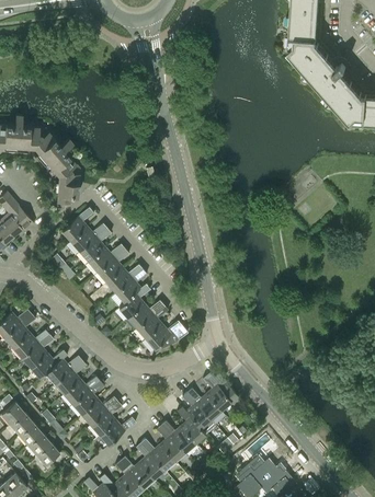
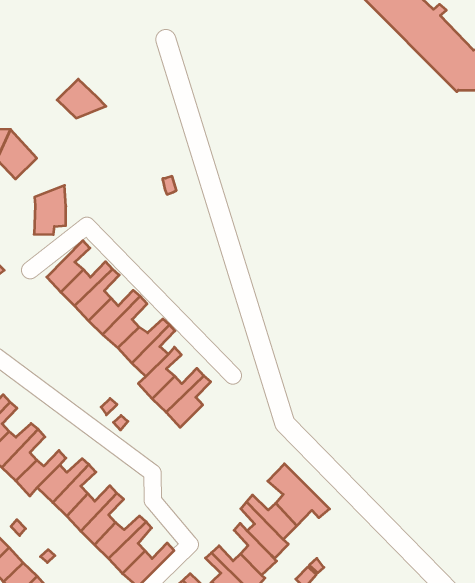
building: [45,149,78,175] -> [57,79,106,118]
building: [145,320,188,349] -> none

